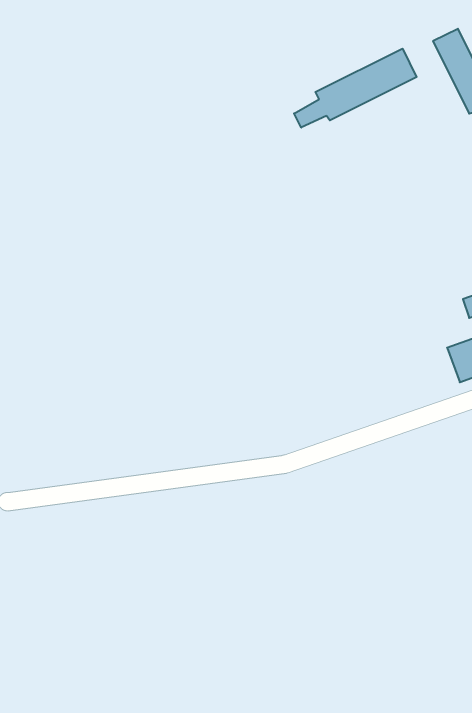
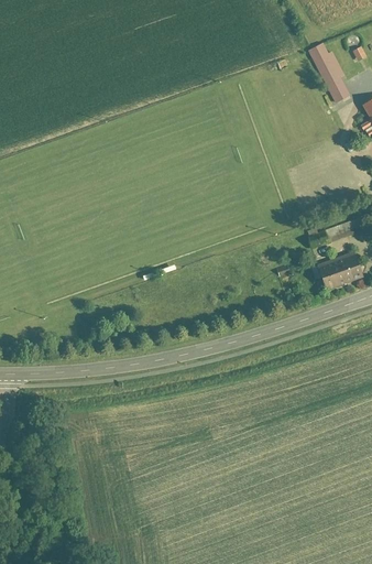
building: [294,49,417,128] -> none

